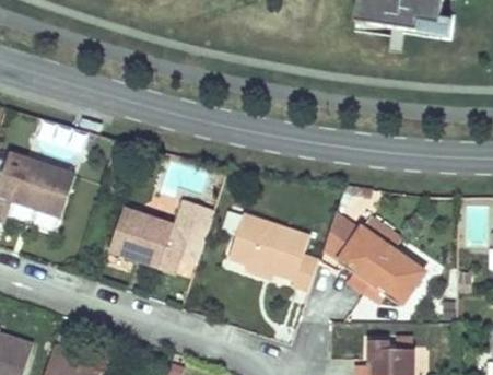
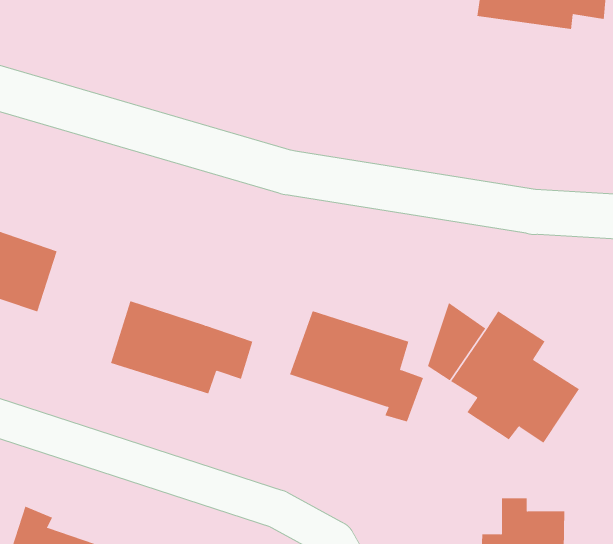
building: [174,199,214,236] -> none

